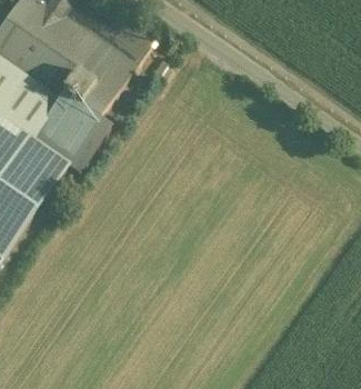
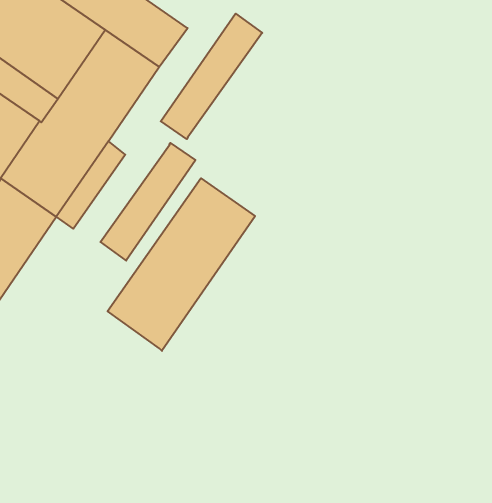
building: none -> [161,14,262,139]
building: none -> [100,143,195,261]
building: none -> [108,178,255,351]

